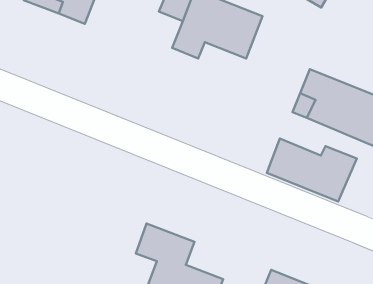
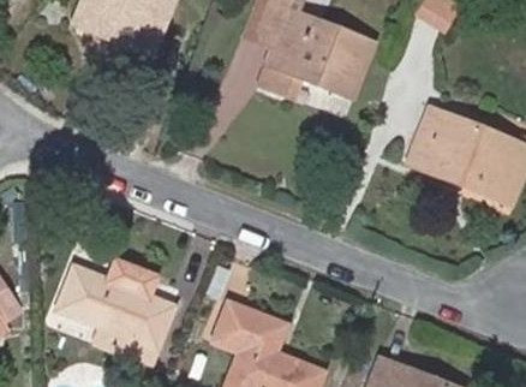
building: [267,139,357,202] -> none
building: none -> [59,261,174,361]

